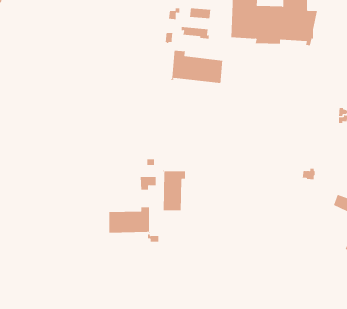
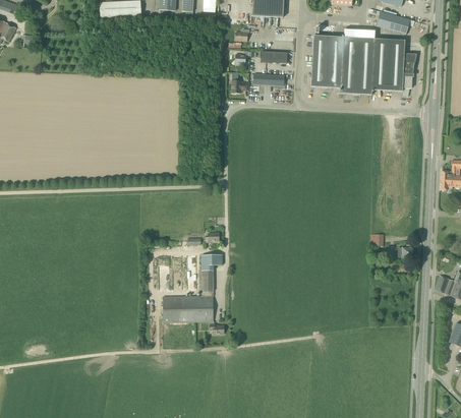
building: [171,50,223,84] -> none
building: [162,170,186,211] -> none

